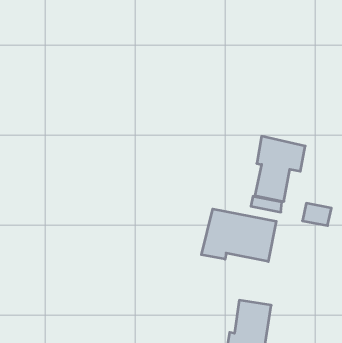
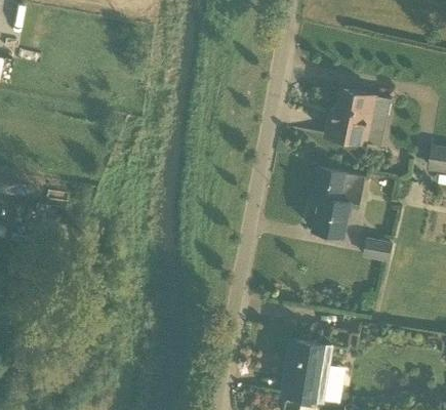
building: none -> [325,88,391,142]
building: [201,209,276,262] -> none

